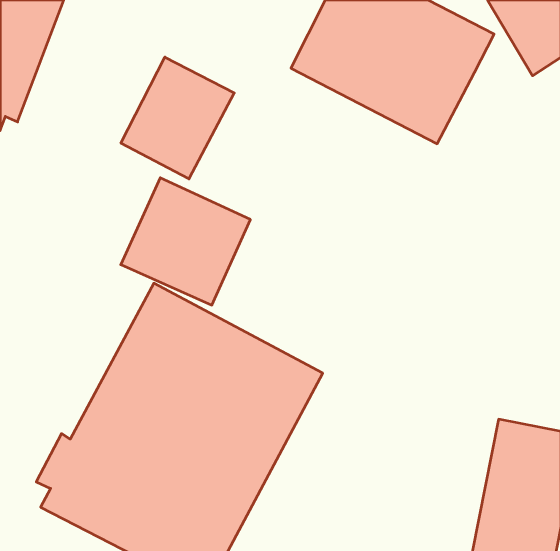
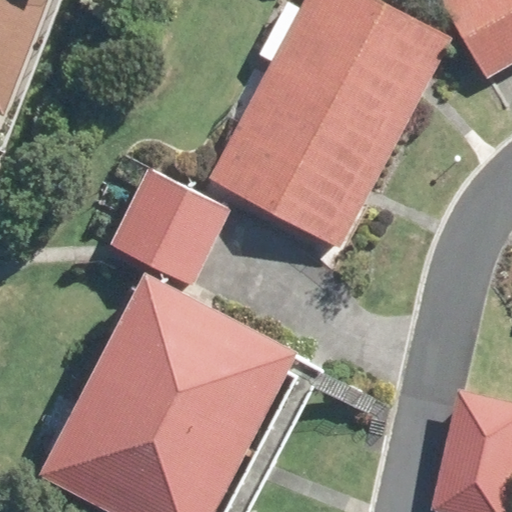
building: [121,57,234,179] -> none
building: none -> [209,71,399,250]

